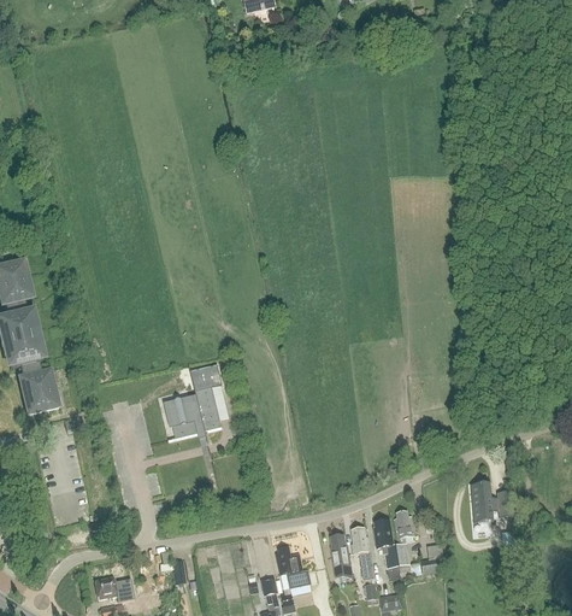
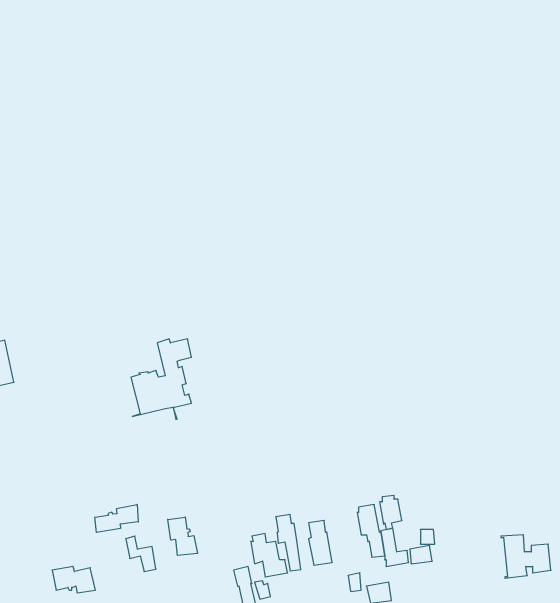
building: [470,482,515,522] -> [501,535,551,578]
building: none -> [95,504,138,532]
building: [350,527,373,579] -> [276,514,301,571]
building: none -> [168,517,198,555]

